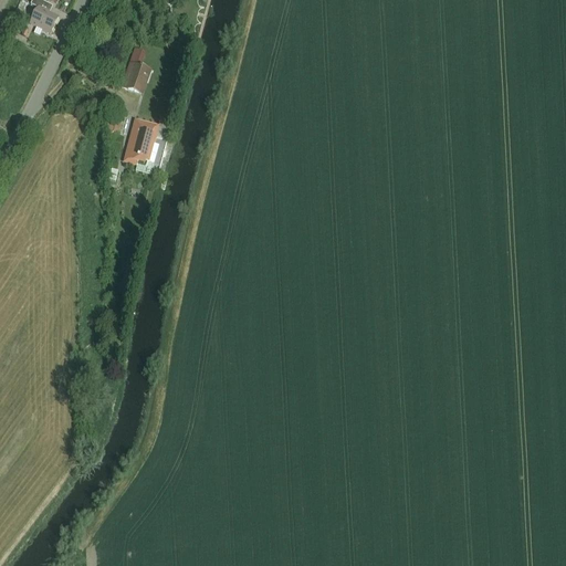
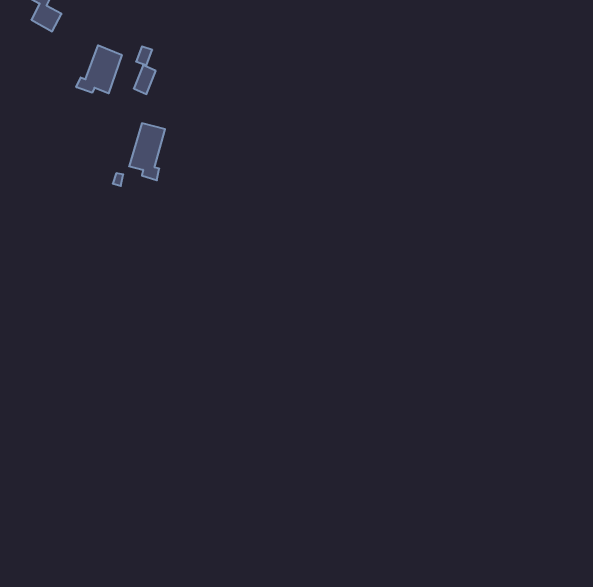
building: none -> [76,45,122,93]

